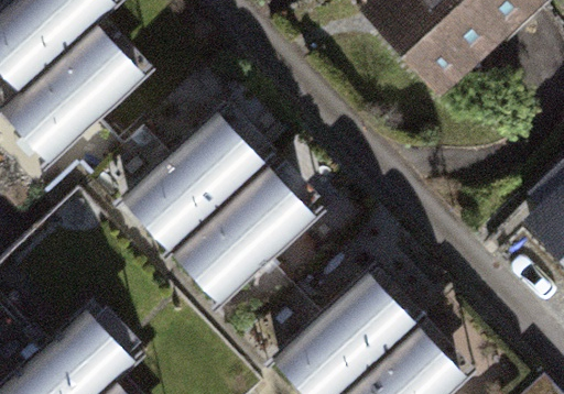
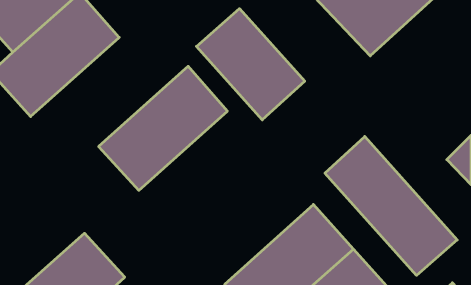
building: none -> [196,9,305,120]
building: [166,163,318,308] -> none
building: none -> [325,136,457,275]

